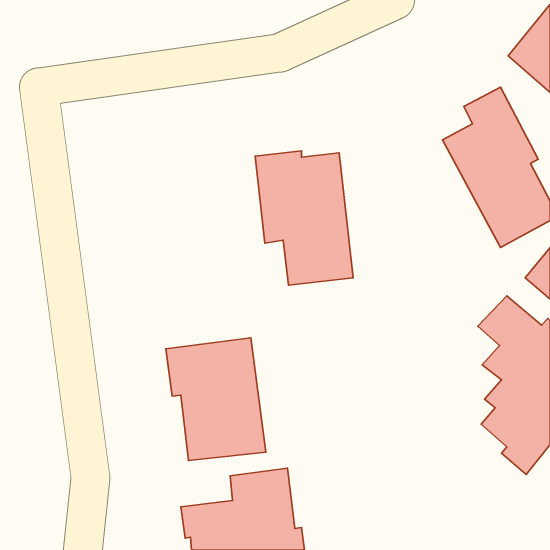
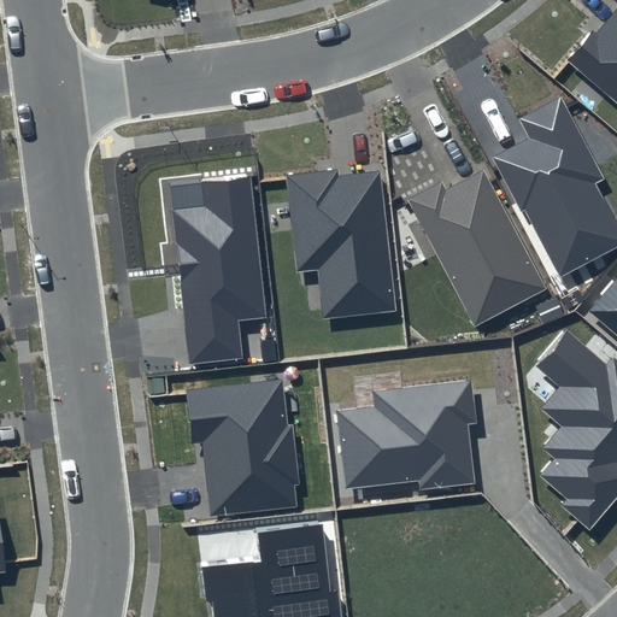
building: none -> [407,170,547,327]
building: none -> [170,174,266,364]
building: none -> [336,380,477,490]

